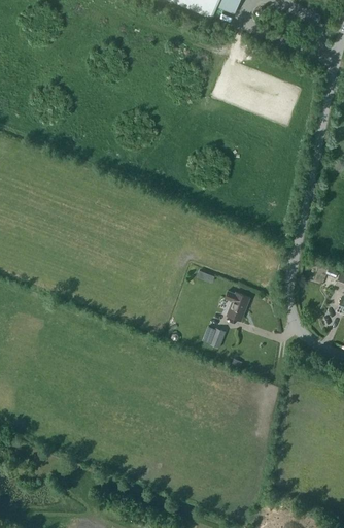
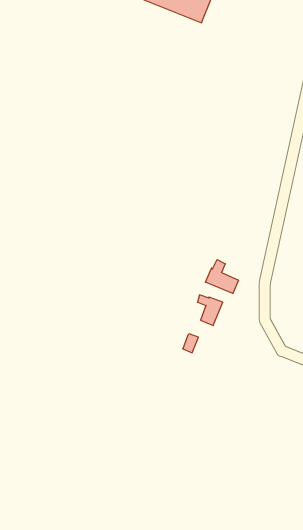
building: none -> [205,260,238,294]

